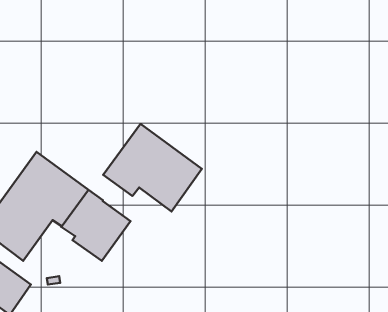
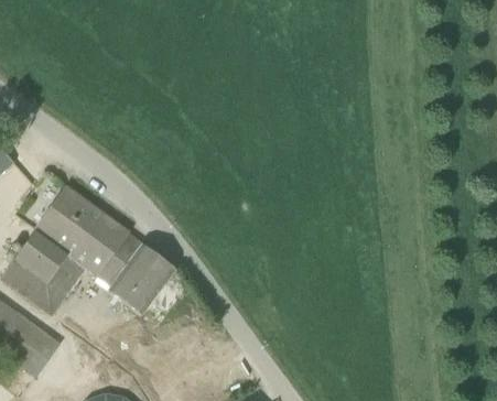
building: [103,124,202,211] -> none

